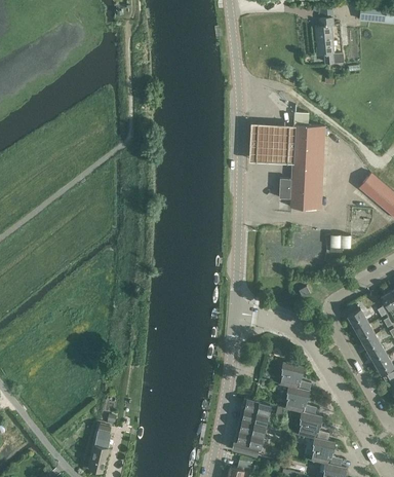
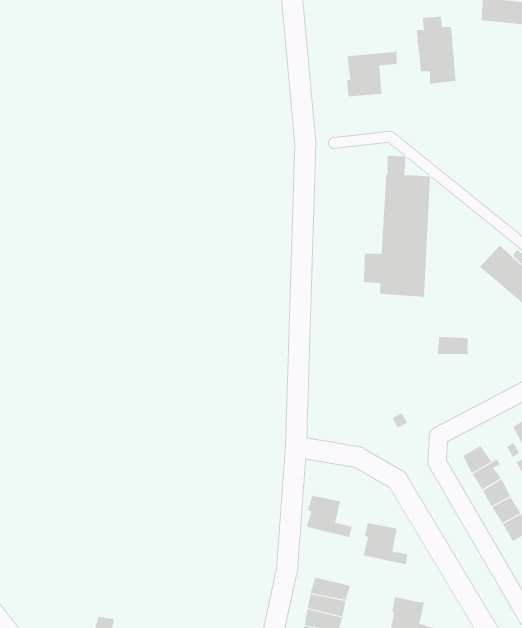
building: none -> [346,49,397,97]
building: [247,124,292,164] -> none
building: [284,387,316,415] -> [306,495,353,537]

